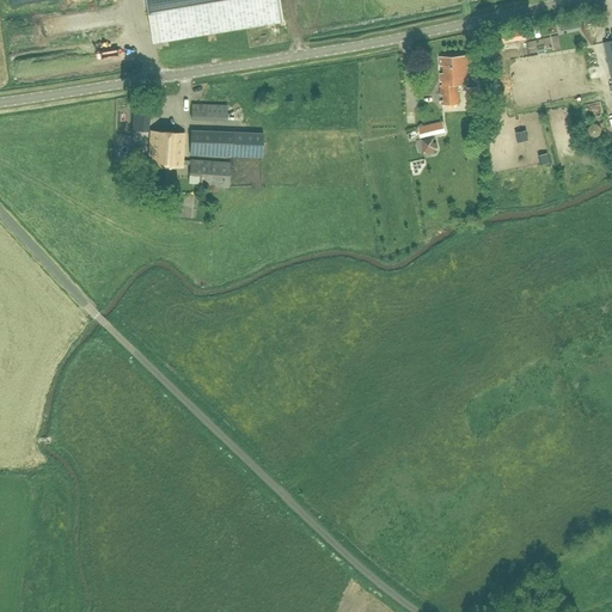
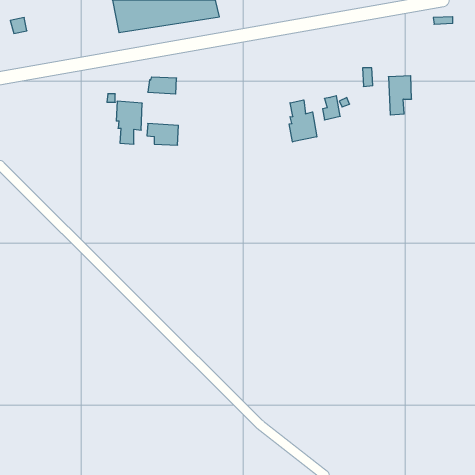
building: [439,55,469,105] -> [388,76,412,115]
building: [189,128,263,157] -> none
building: none -> [289,100,317,142]

